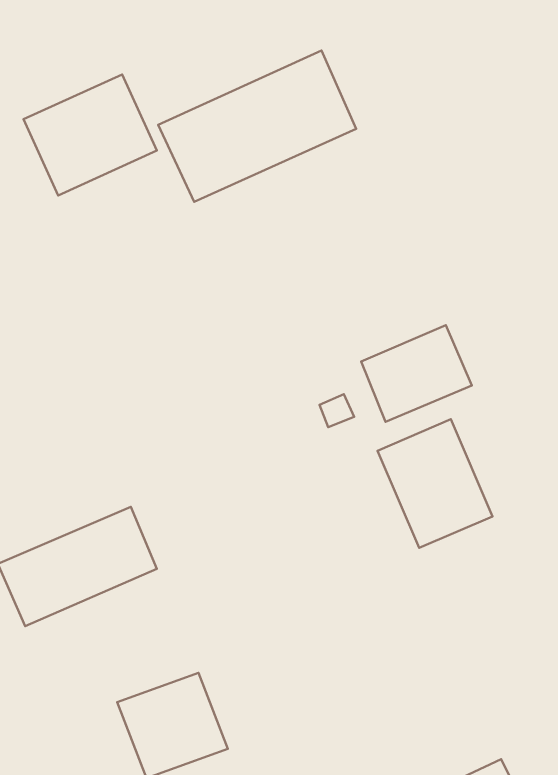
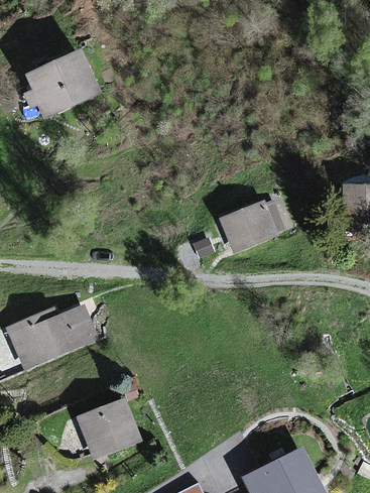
building: [158,50,356,202] -> none
building: [378,419,493,548] -> none

